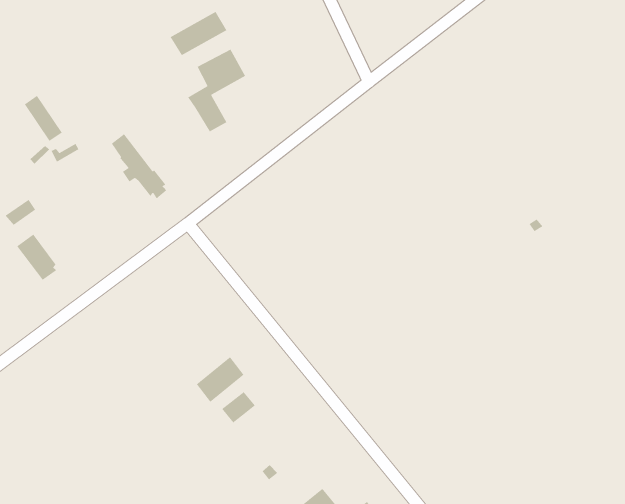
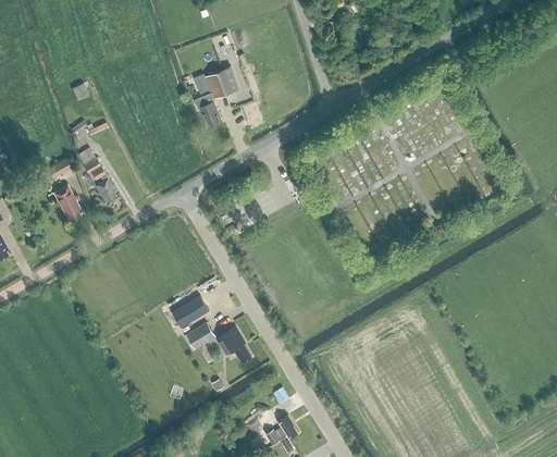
building: [170,11,228,56] -> none
building: [111,133,167,199] -> [78,148,115,200]
building: none -> [216,326,251,362]

